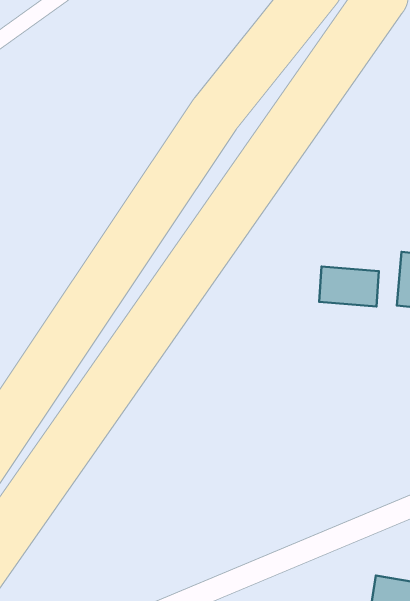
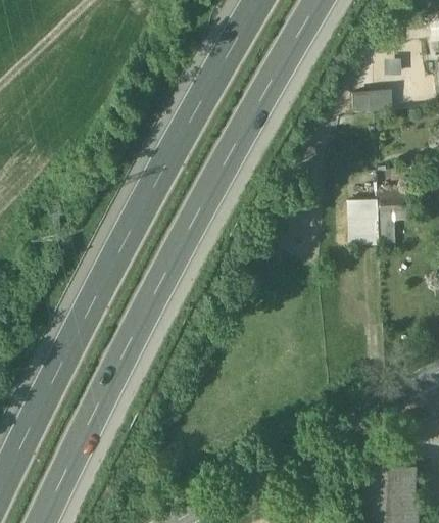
building: [319,267,379,306] -> none

